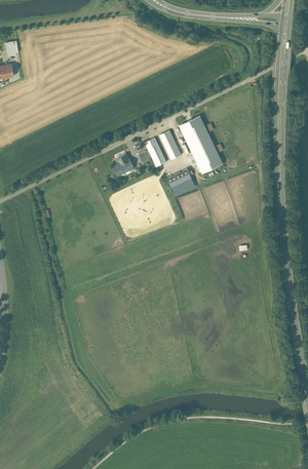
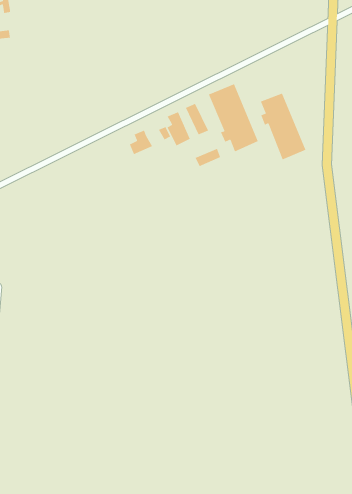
building: none -> [260,93,306,160]

